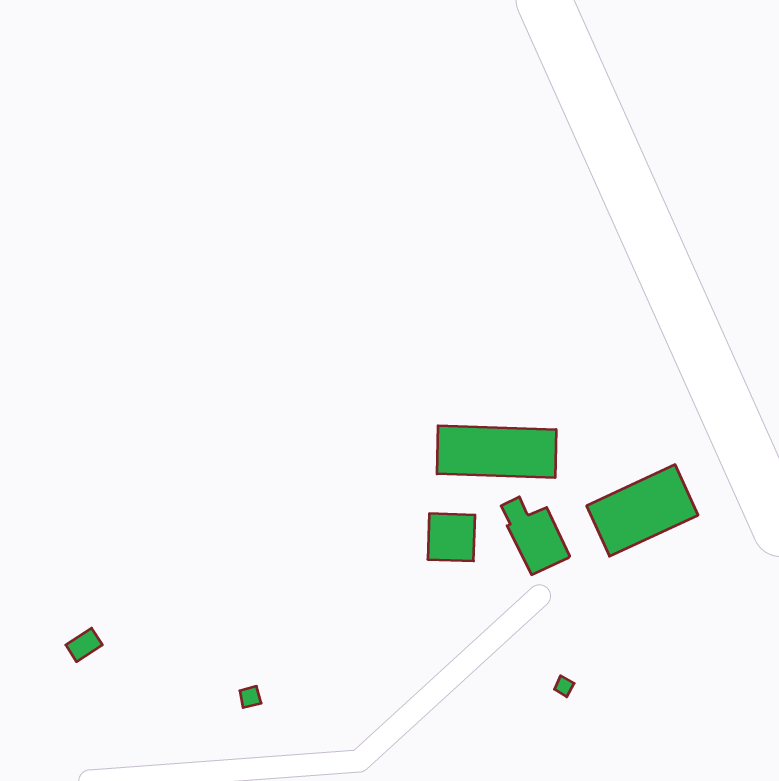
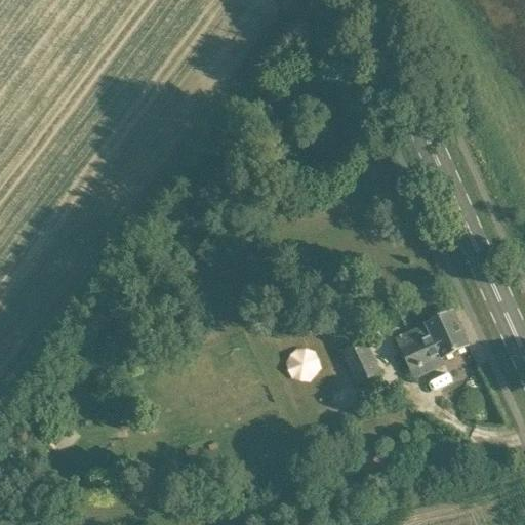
building: [437,426,556,478] -> none

